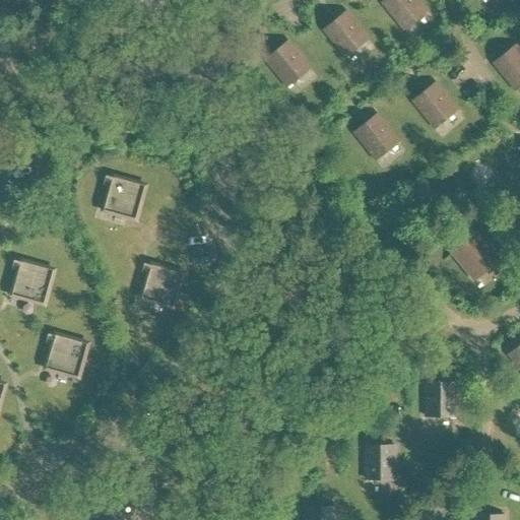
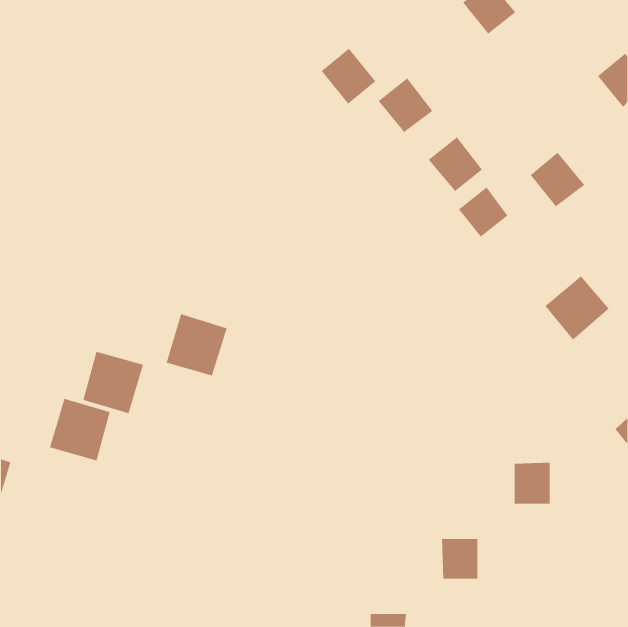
building: [323,10,369,56] -> [378,78,433,133]
building: [412,81,458,127] -> [530,152,585,207]
building: none -> [458,187,508,238]
building: [99,172,149,222] -> none
building: [7,256,58,308] -> [82,351,144,414]

